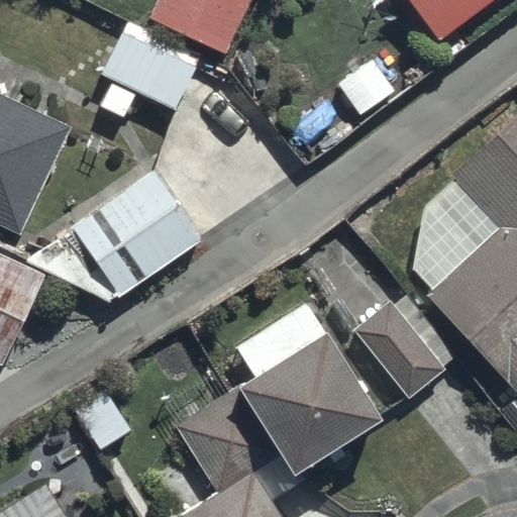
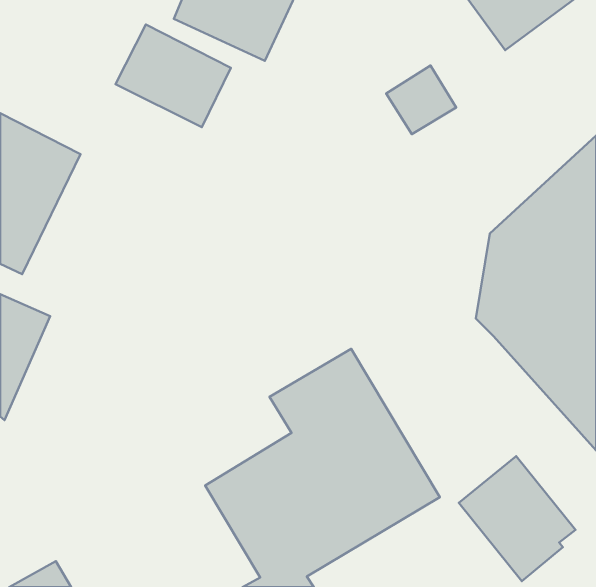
building: [73,172,200,297] -> none
building: [354,290,455,398] -> [459,456,576,581]

